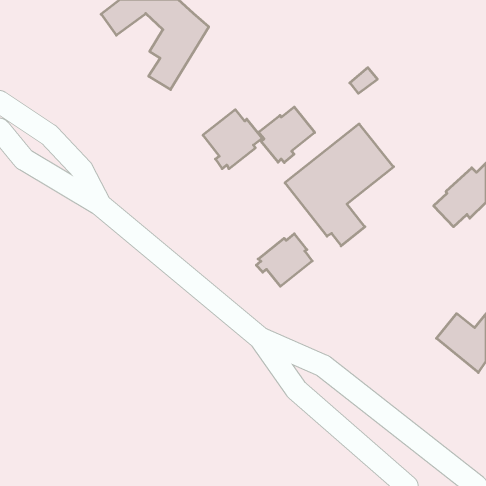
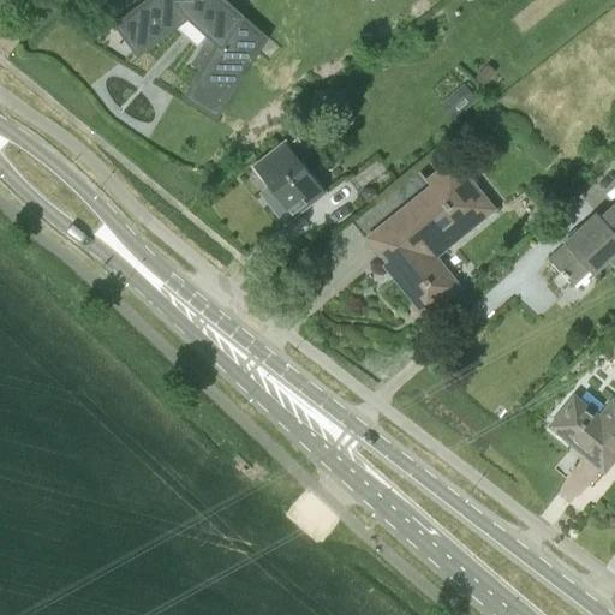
building: [259,107,315,163] -> none
building: [256,234,312,286] -> none

